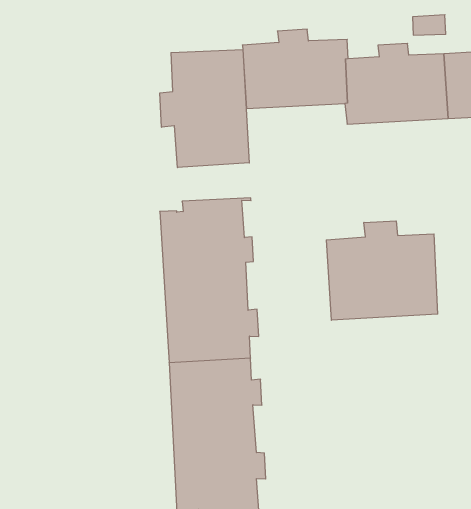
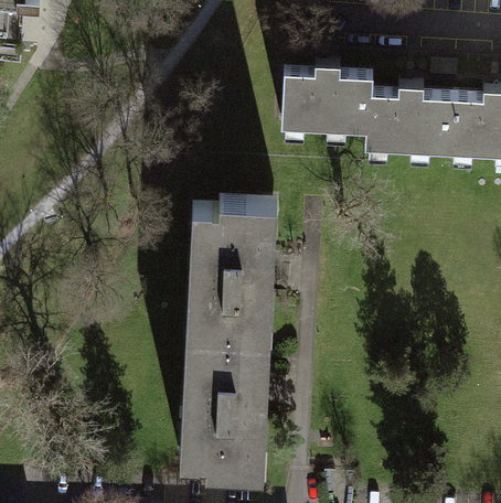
building: [160,50,249,168] -> none
building: [326,221,438,320] -> none

